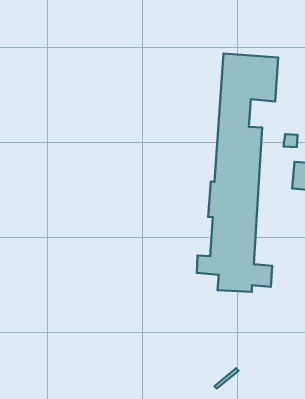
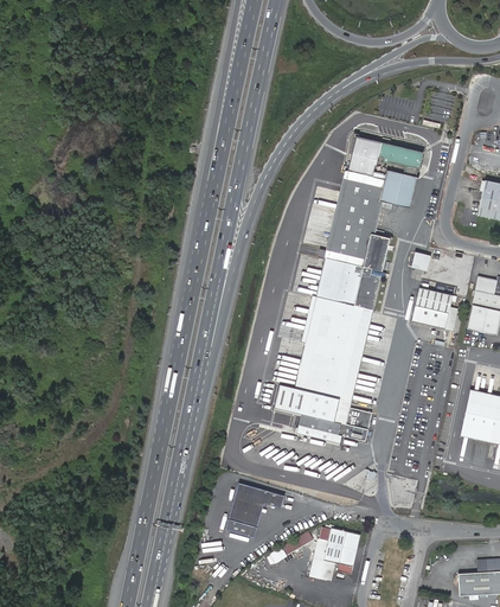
building: none -> [227,481,287,537]
building: none -> [323,531,359,569]

